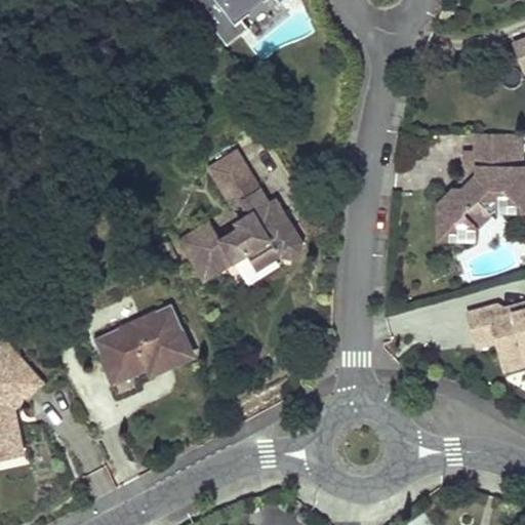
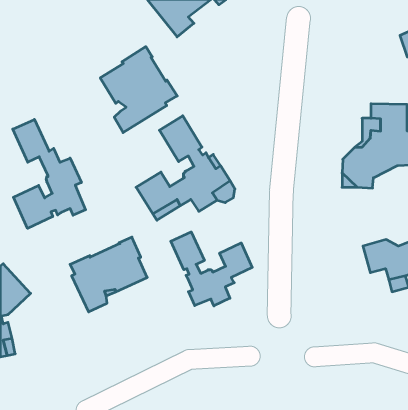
building: none -> [100,47,177,133]
building: none -> [13,119,86,228]
building: none -> [171,232,252,306]

